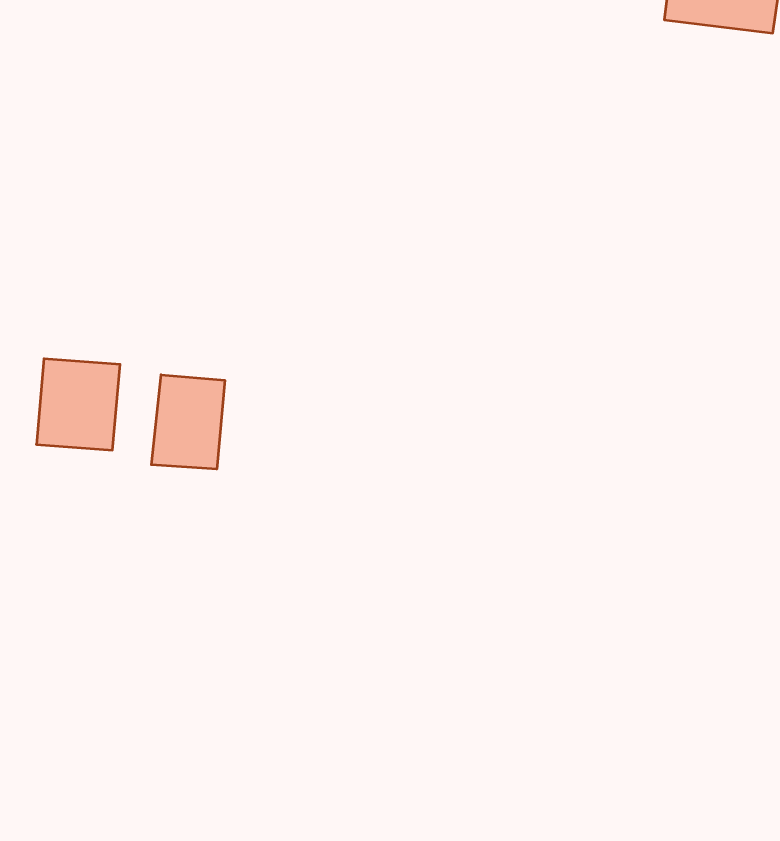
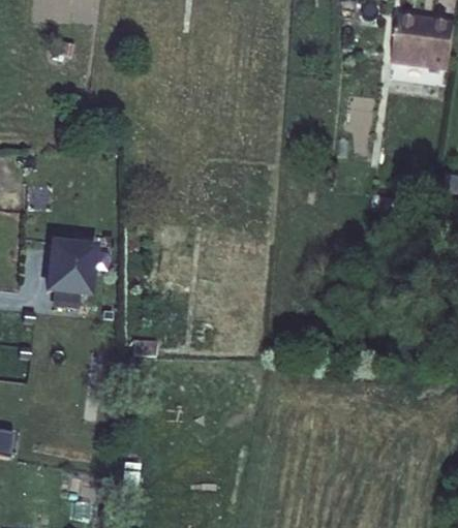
building: [151,375,225,469] -> none

